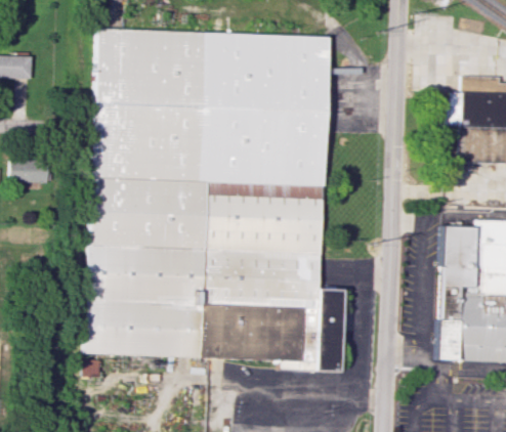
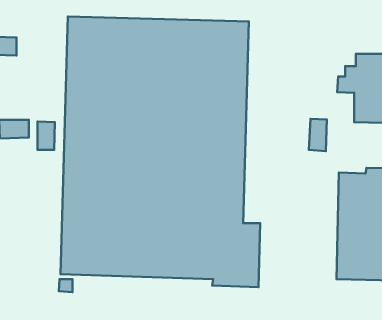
building: none -> [309,119,327,151]
building: none -> [37,121,55,150]

